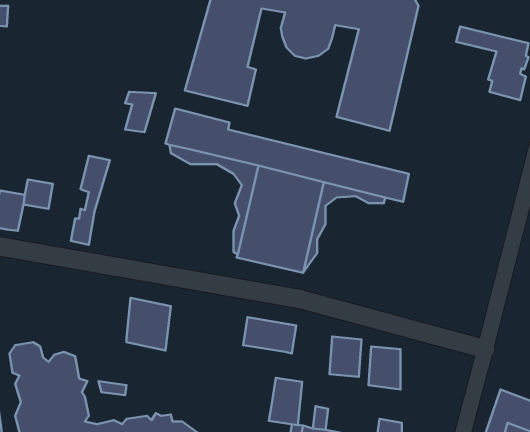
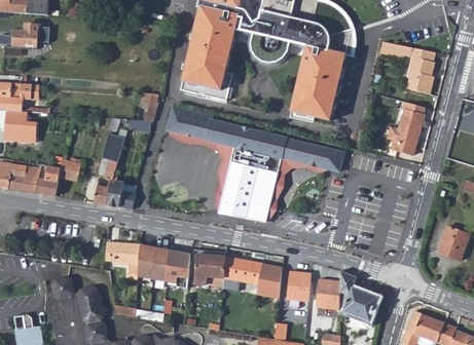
building: none -> [387,104,422,157]
building: none -> [108,179,133,207]
building: none -> [105,240,139,278]
building: none -> [165,248,189,288]
building: none -> [194,255,225,284]
building: none -> [338,269,376,321]
building: [269,378,302,425] -> [256,263,281,298]

